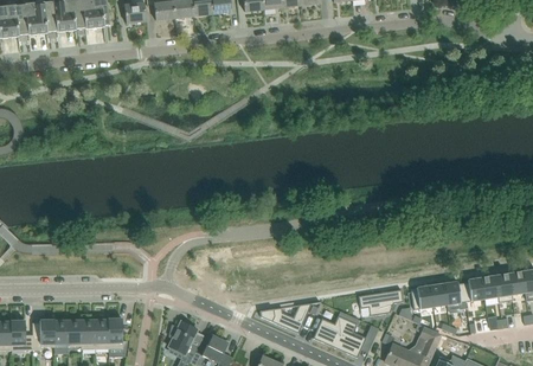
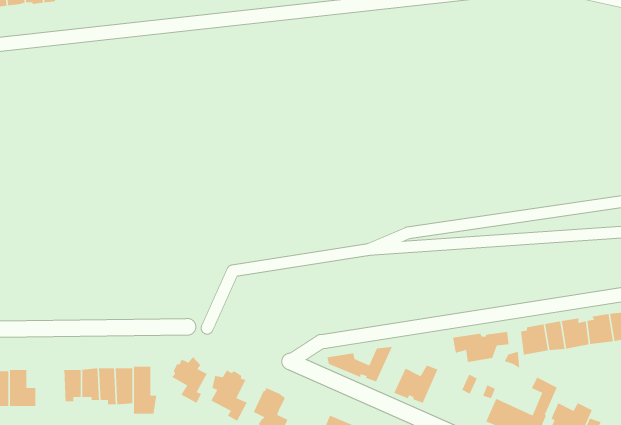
building: none -> [171,357,208,404]
building: [32,320,54,351] -> none
building: [335,321,365,359] -> none

